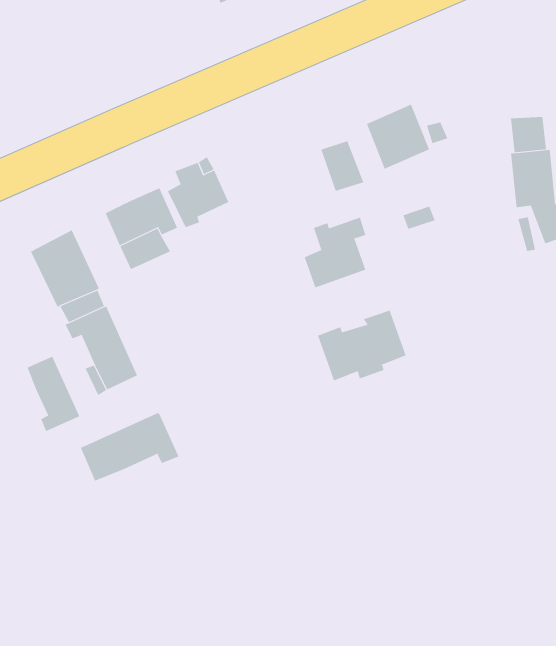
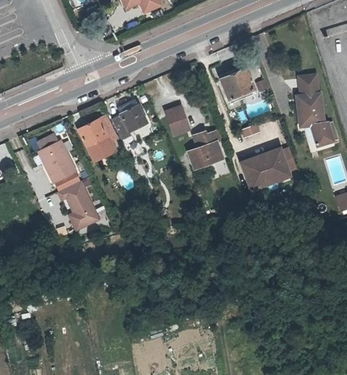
building: [320,140,364,191] -> [165,107,189,135]
building: [317,310,406,381] -> [240,149,289,188]
building: [27,356,80,432] -> none
building: [80,412,179,481] -> none

